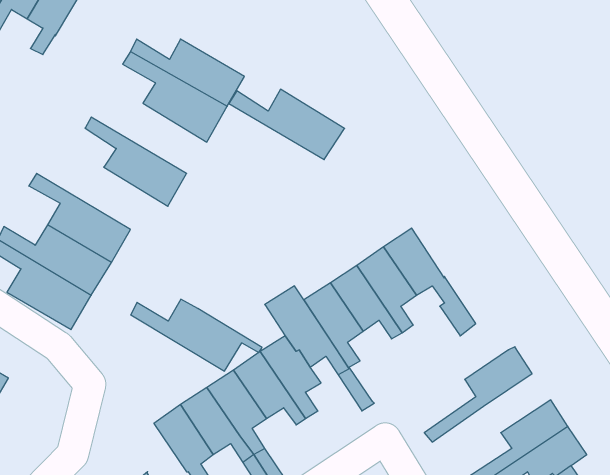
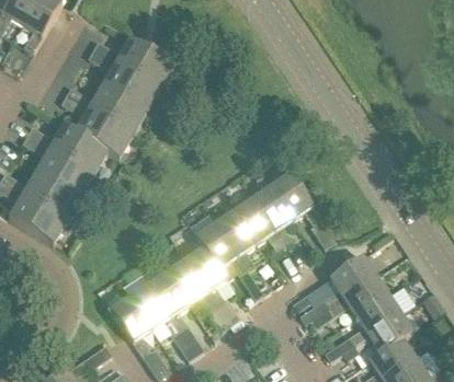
building: [229,89,345,160] -> [66,83,147,132]
building: [131,299,262,371] -> [27,121,120,172]
building: none -> [308,273,388,326]

